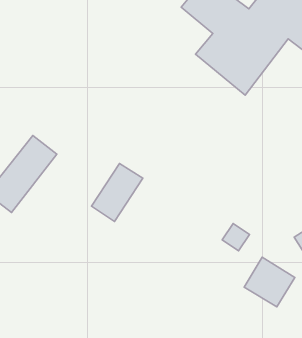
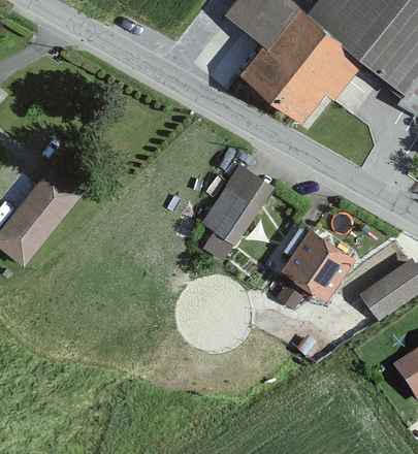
building: [91,163,143,222] -> [206,168,268,238]
building: [244,257,295,307] -> [288,232,349,292]

